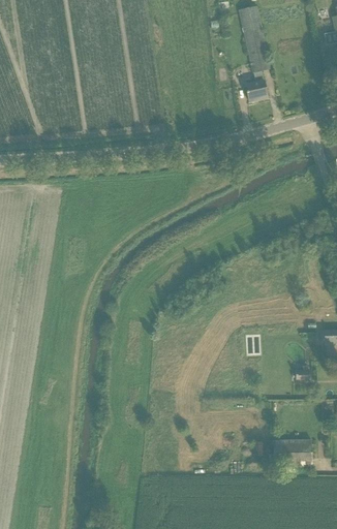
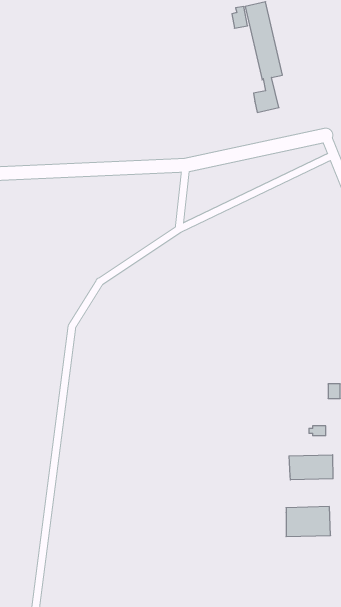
building: none -> [289,455,333,480]

